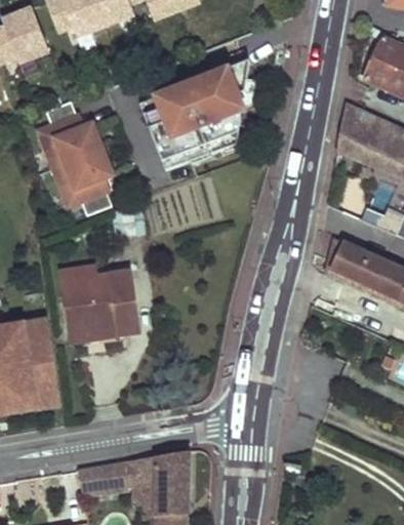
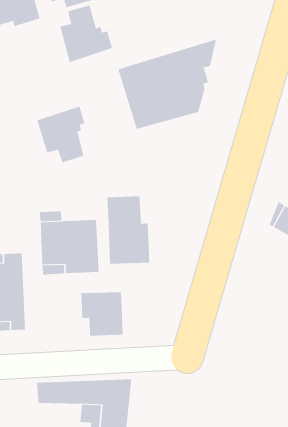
building: [39,99,102,167] -> [59,5,113,63]
building: none -> [107,195,150,264]
building: none -> [81,291,123,336]

